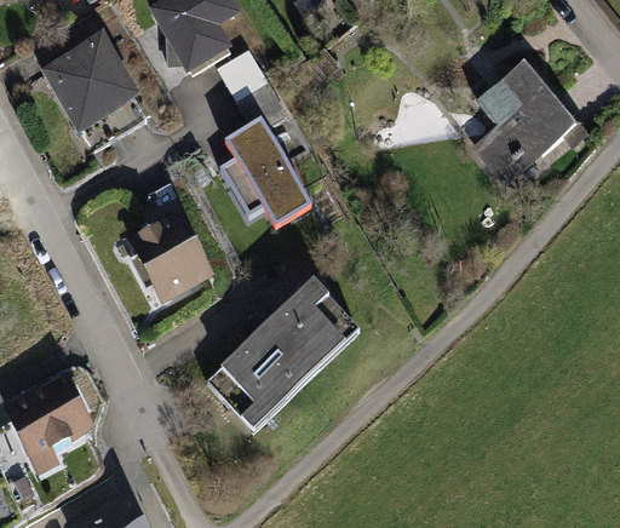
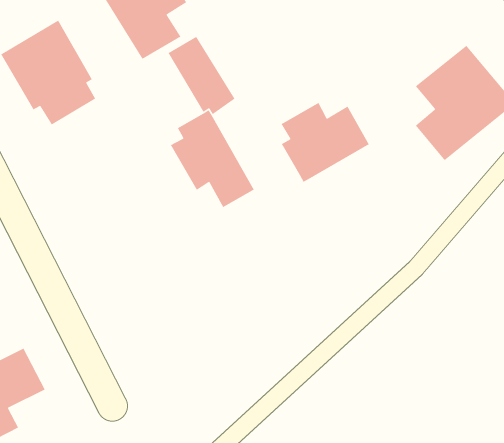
building: none -> [281,102,370,183]
building: [124,208,212,302] -> none
building: [212,272,362,419] -> none

